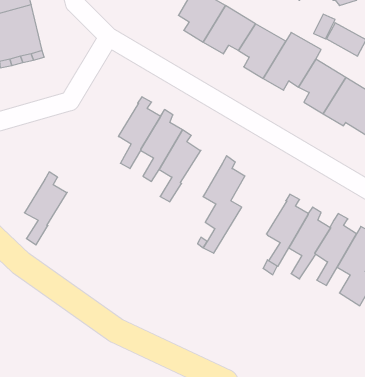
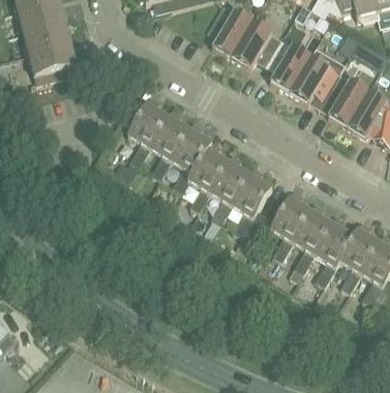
building: none -> [209,153,249,222]
building: [24,172,67,245] -> [127,95,169,165]
building: none -> [270,189,311,260]

